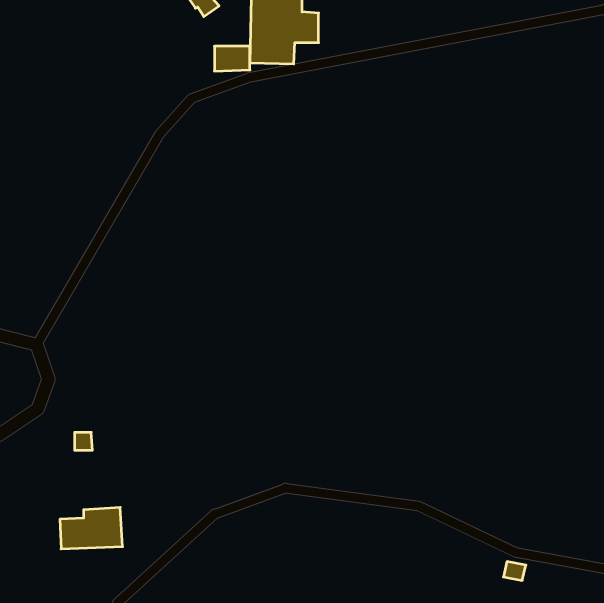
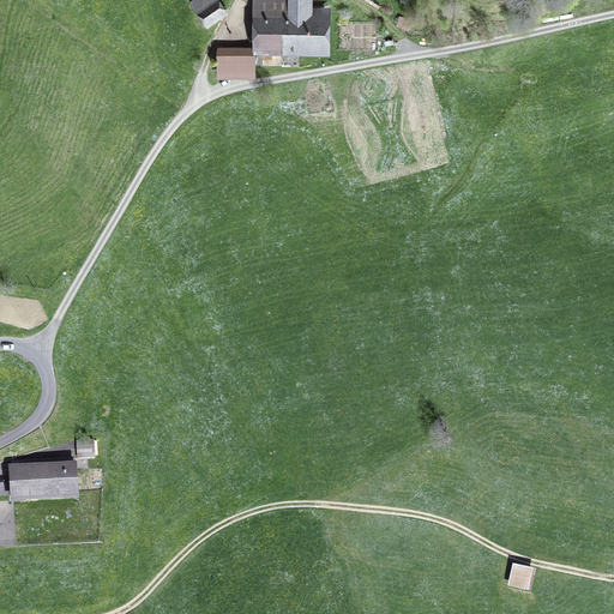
building: [60,507,123,549] -> [11,456,74,498]

